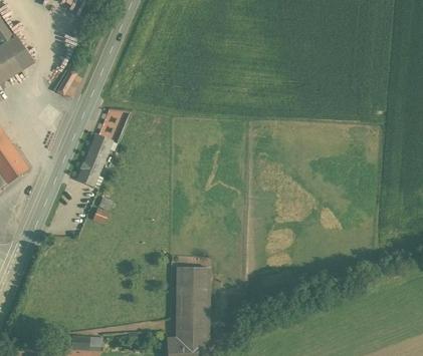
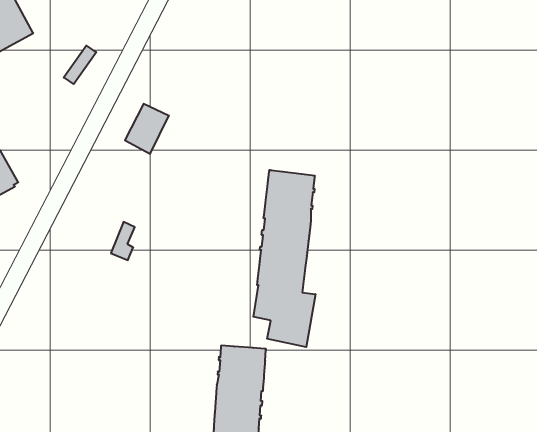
building: [77,134,112,186] -> none
building: none -> [253,170,315,347]

